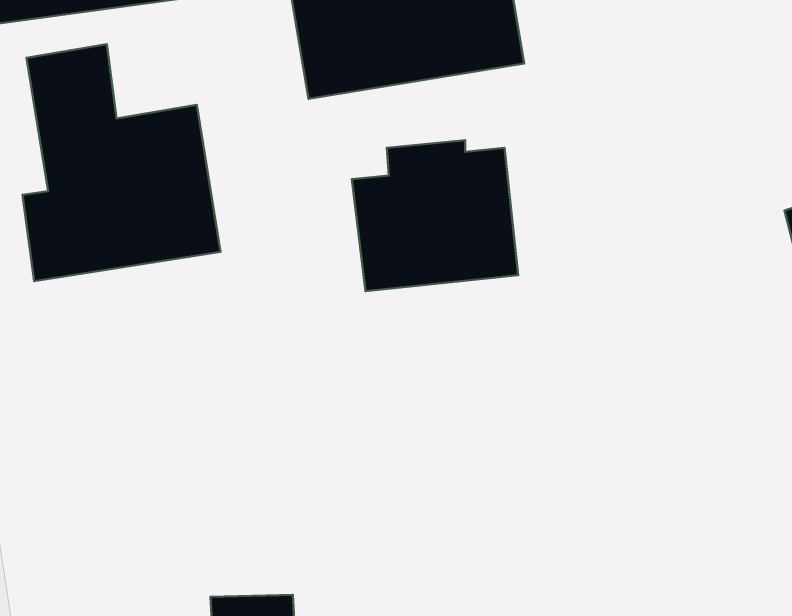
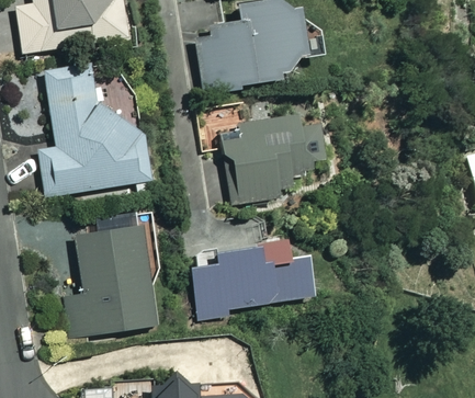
building: none -> [69,226,155,337]
building: none -> [192,239,312,320]

